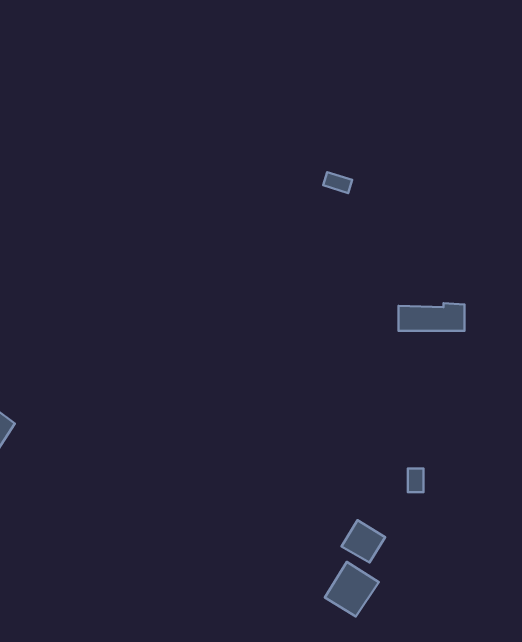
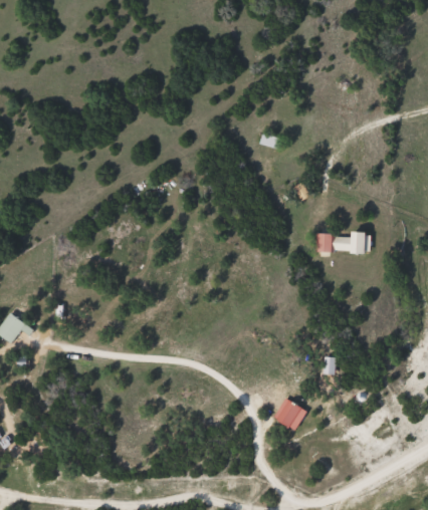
building: [325,562,379,617] -> none

